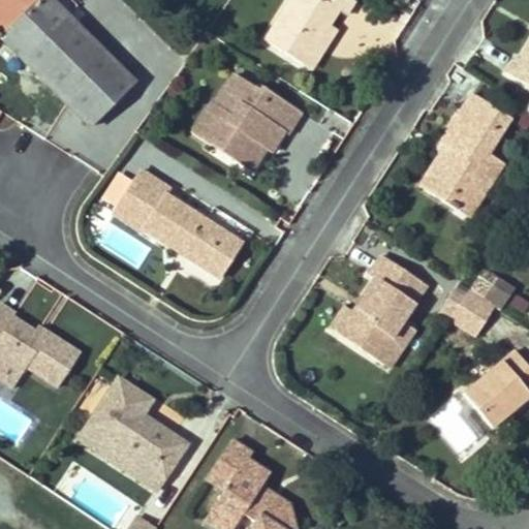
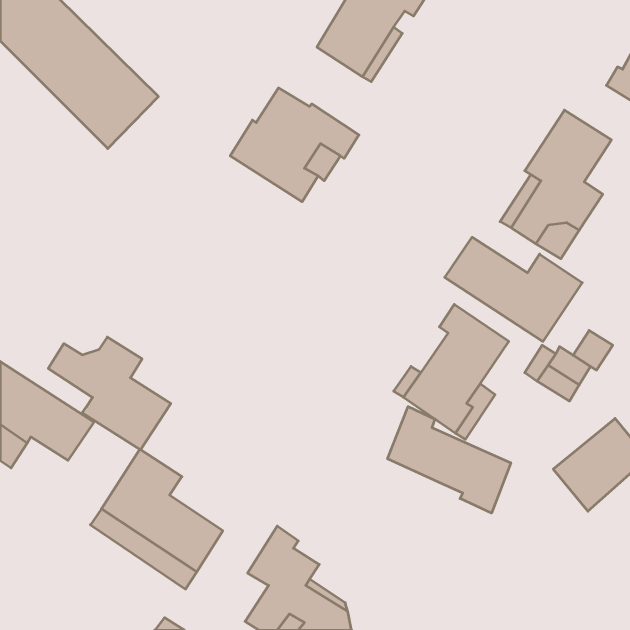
building: [114,169,242,276] -> none
building: none -> [445,237,582,341]
building: none -> [48,337,171,450]
building: none -> [388,407,511,513]

